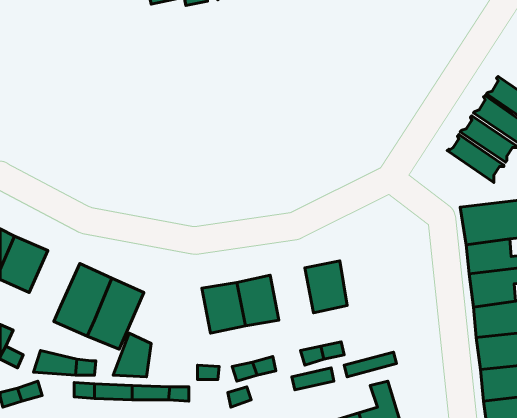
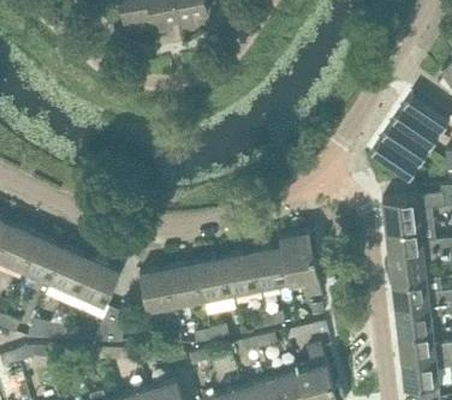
building: none -> [279,233,321,299]
building: none -> [24,238,66,283]
building: none -> [224,252,260,295]
building: none -> [139,269,174,312]

